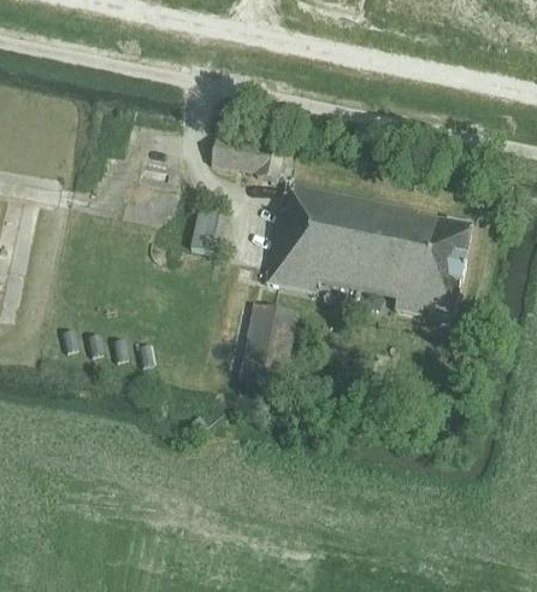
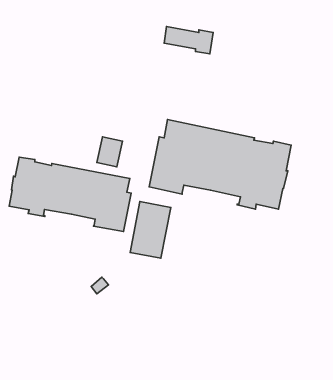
building: [212,139,283,178] -> [164,27,213,54]
building: none -> [9,157,131,232]

